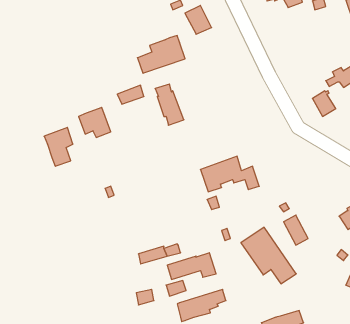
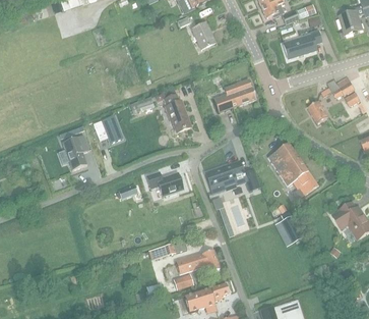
building: none -> [284,30,321,58]
building: [137,36,185,73] -> [212,77,256,112]
building: none -> [146,171,182,195]
building: [241,227,296,284] -> [267,142,318,194]

